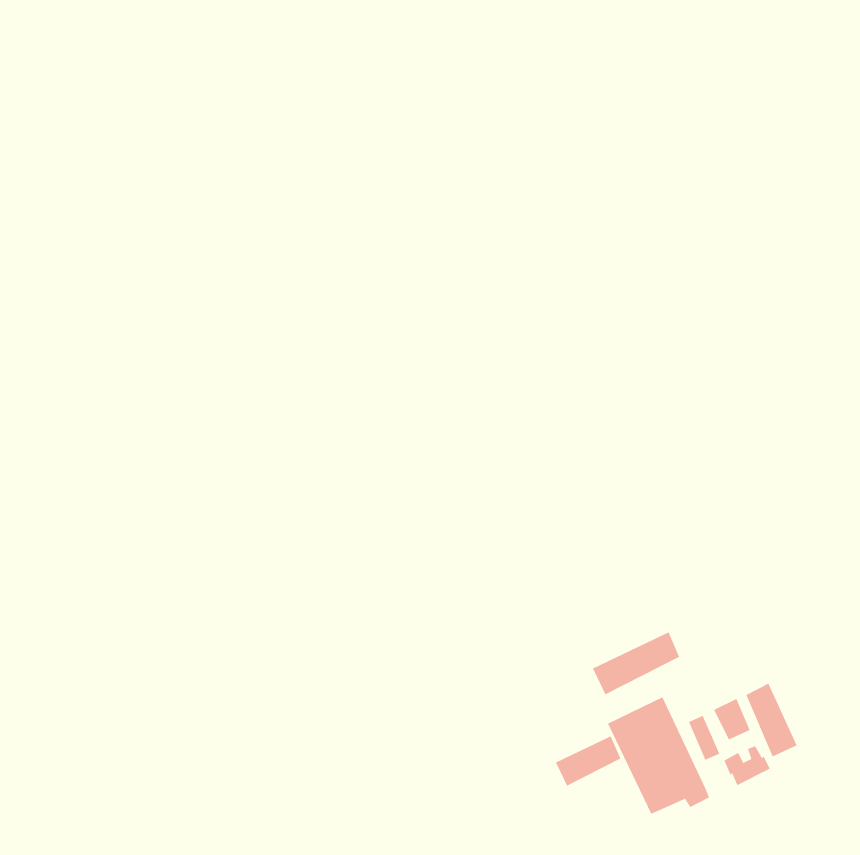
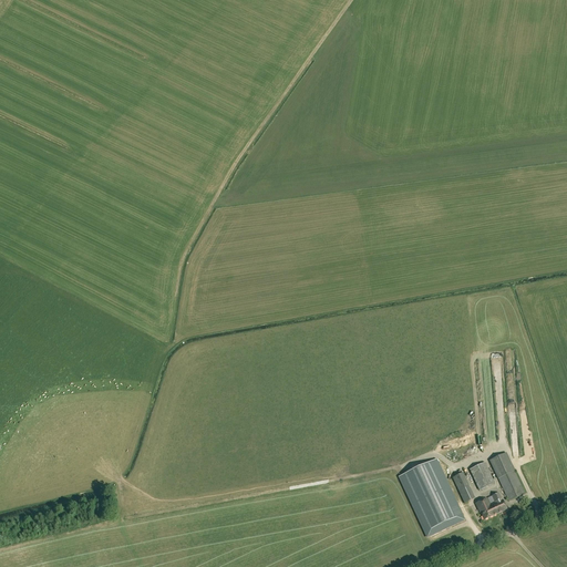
building: [592,631,680,695] -> none
building: [555,735,621,786] -> none

